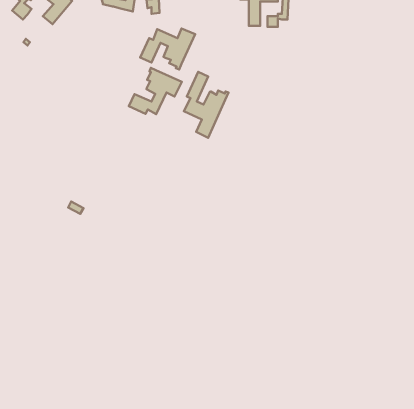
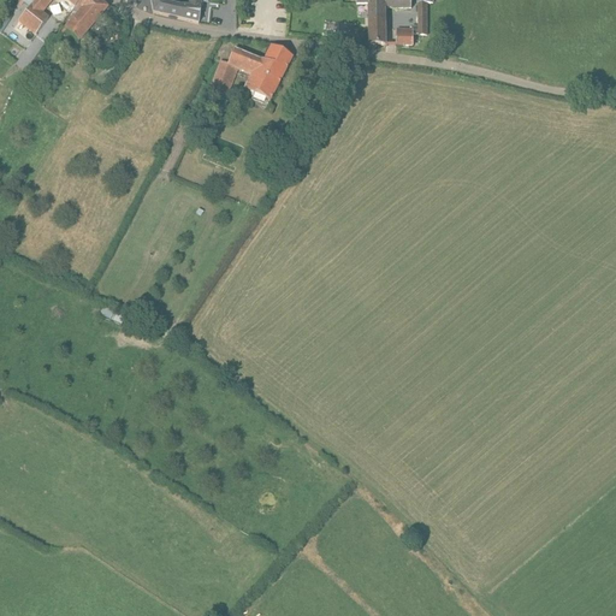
building: [129,68,182,114] -> none
building: [184,72,229,138] -> none

